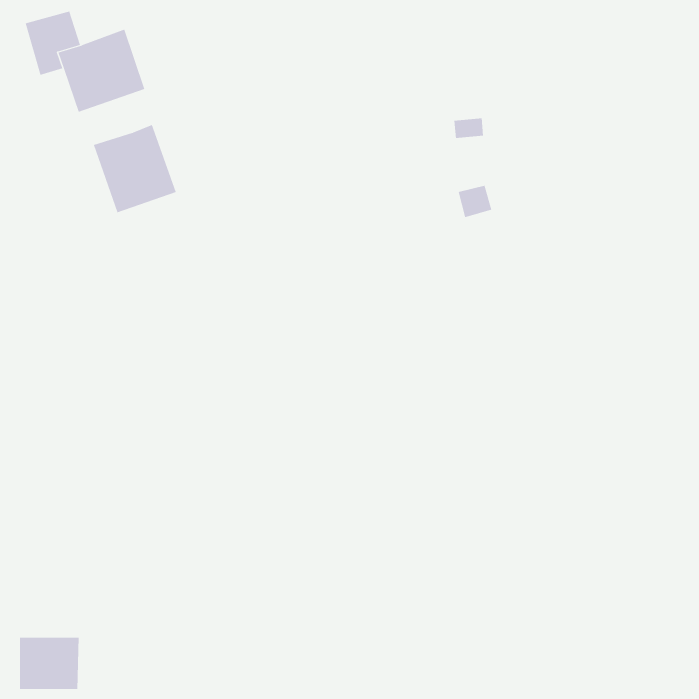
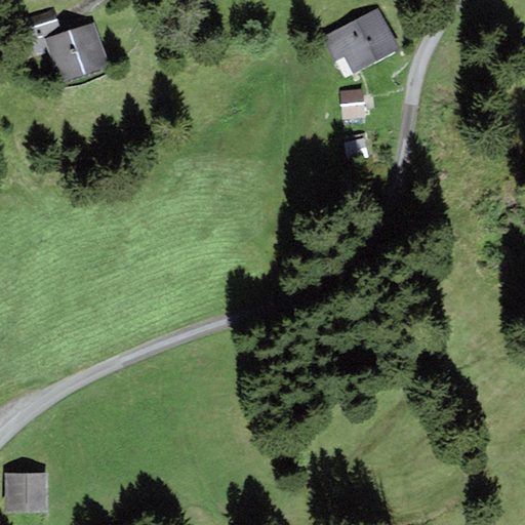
building: none -> [321,8,398,73]
building: [93,124,176,213] -> none

